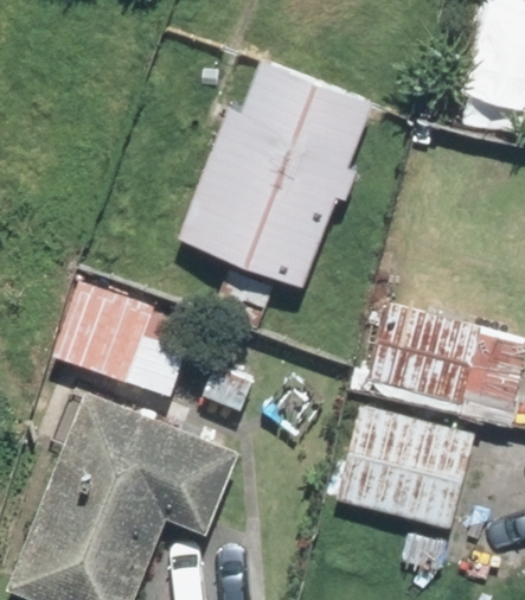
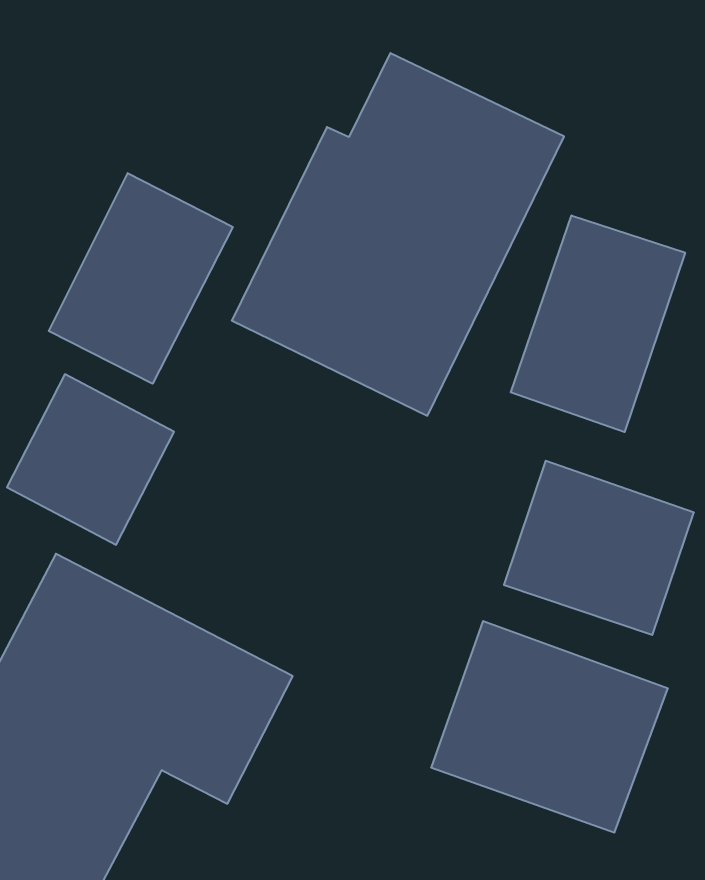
building: none -> [511,215,685,432]
building: none -> [49,173,233,384]

